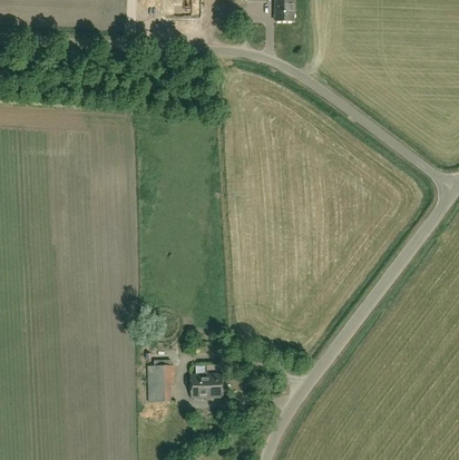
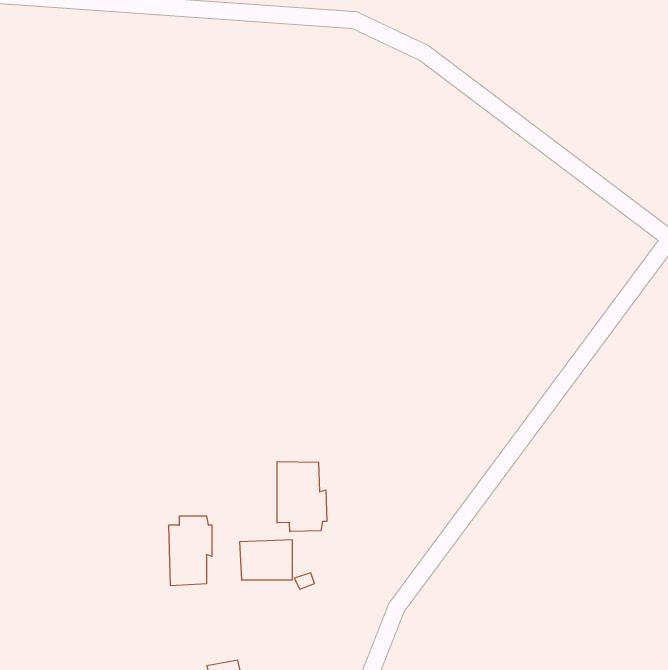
building: none -> [277,462,327,532]

